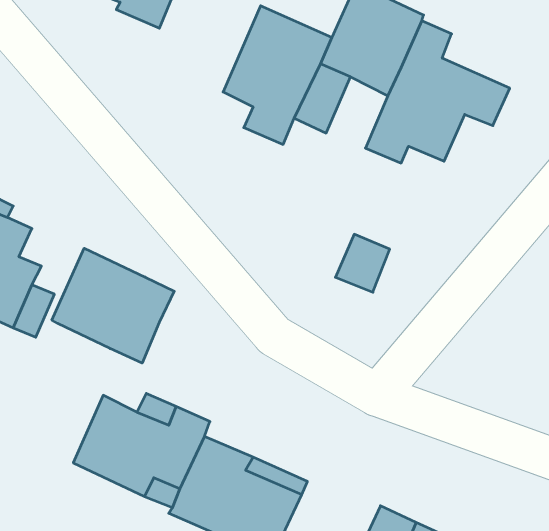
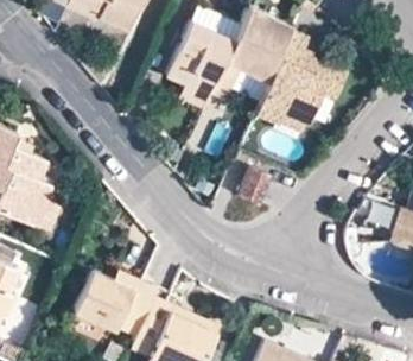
building: [52,248,174,363] -> none

